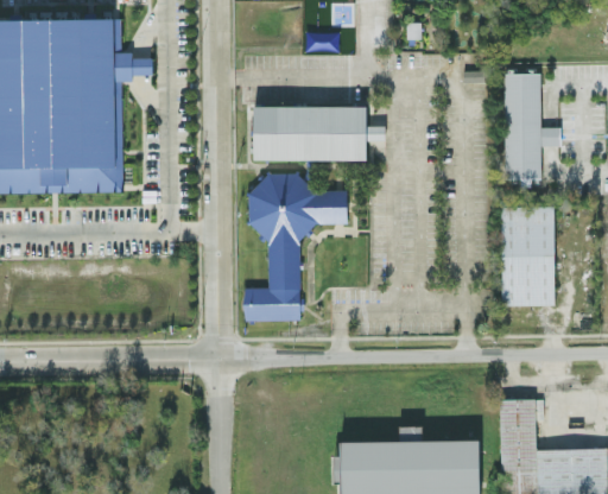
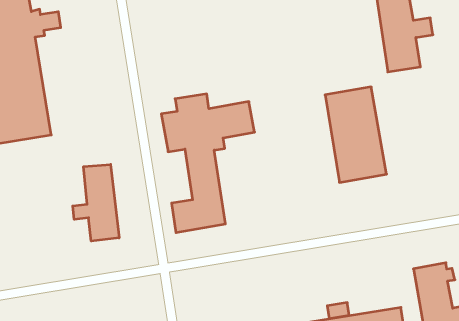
building: [253,107,385,160] -> none
building: [500,207,555,306] -> [325,87,387,182]
building: none -> [73,164,119,241]

